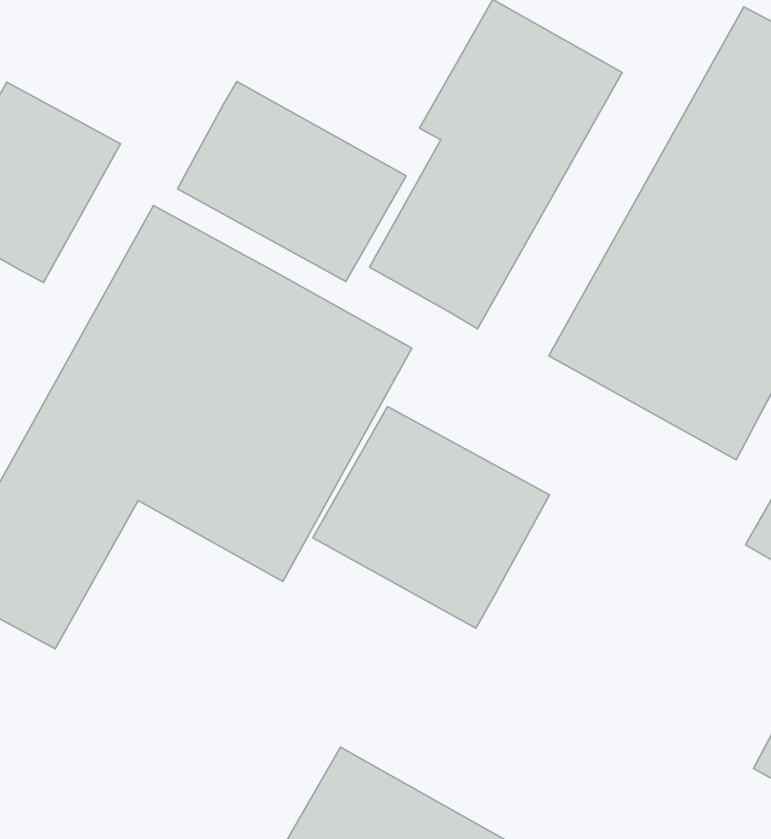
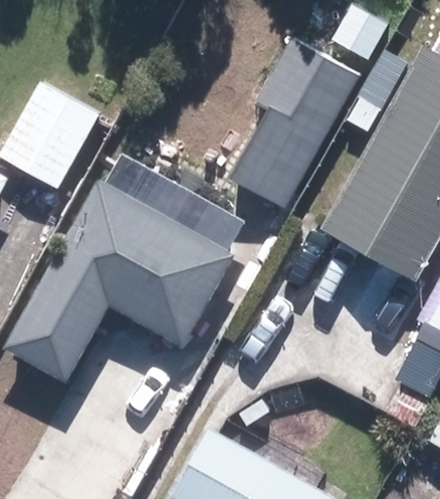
building: [177,81,406,281] -> none
building: [313,406,549,628] -> none

